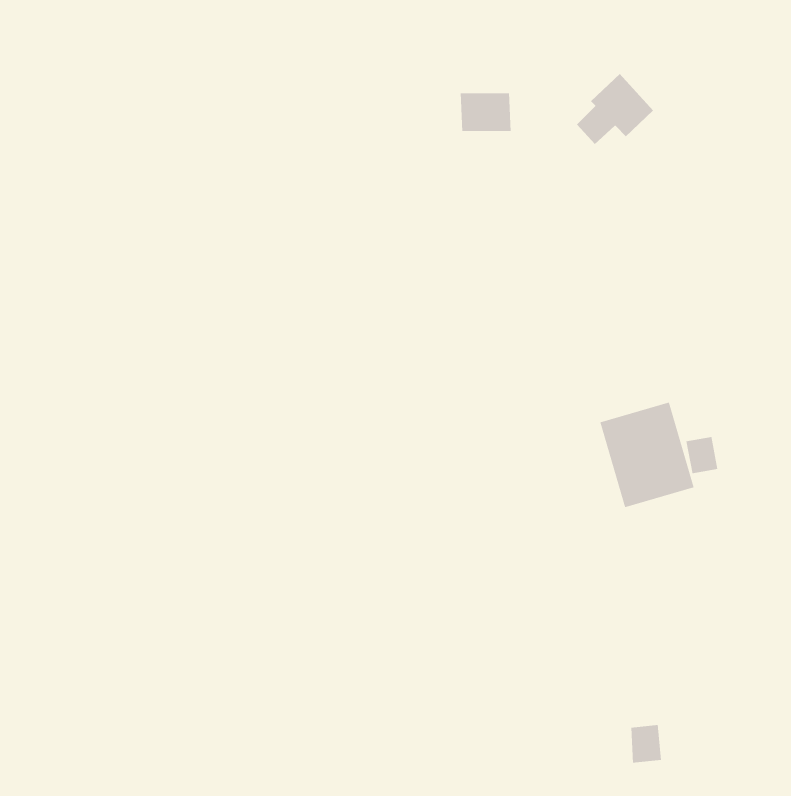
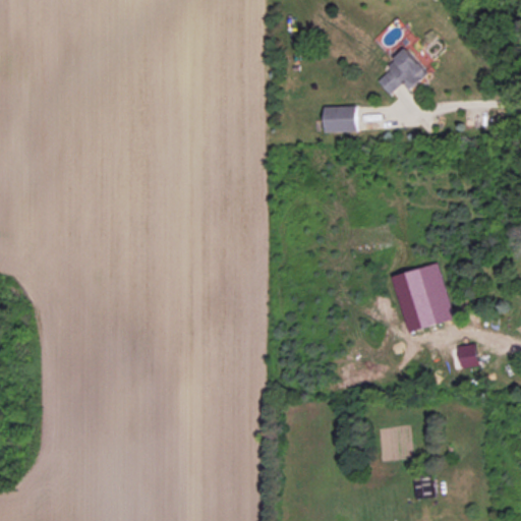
building: [460,93,511,132] -> [324,106,357,131]
building: [686,436,718,474] -> [457,343,478,367]

